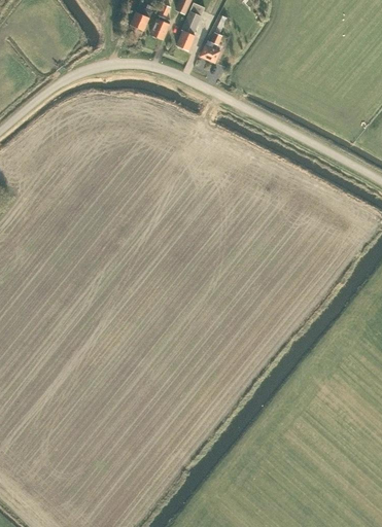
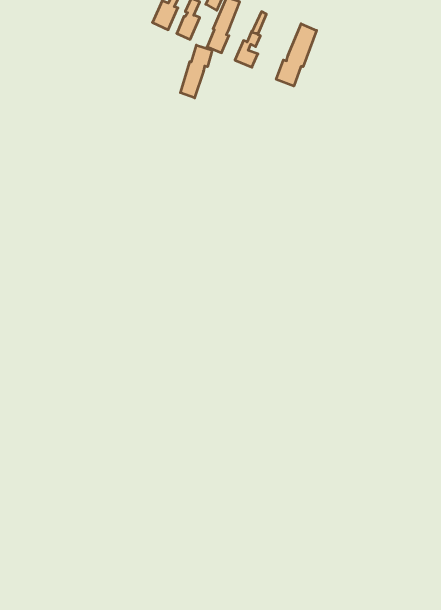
building: none -> [276,24,317,86]
building: none -> [180,45,212,98]

